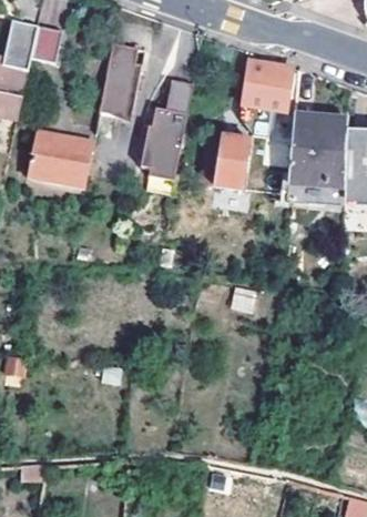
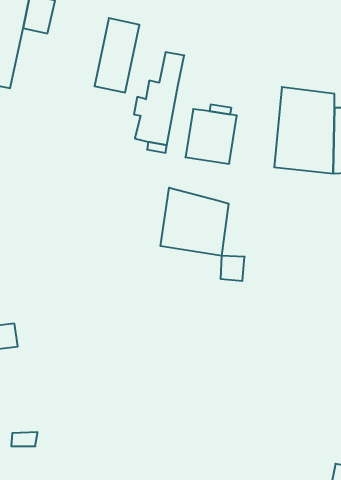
building: [239,59,290,111] -> none
building: [31,133,95,191] -> none
building: none -> [160,188,229,256]

